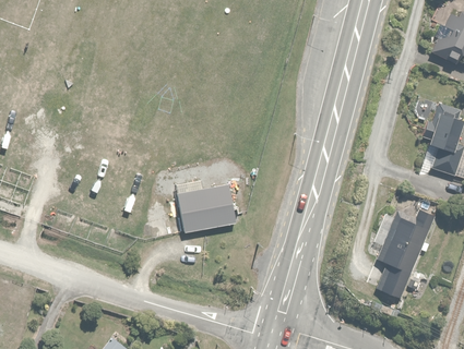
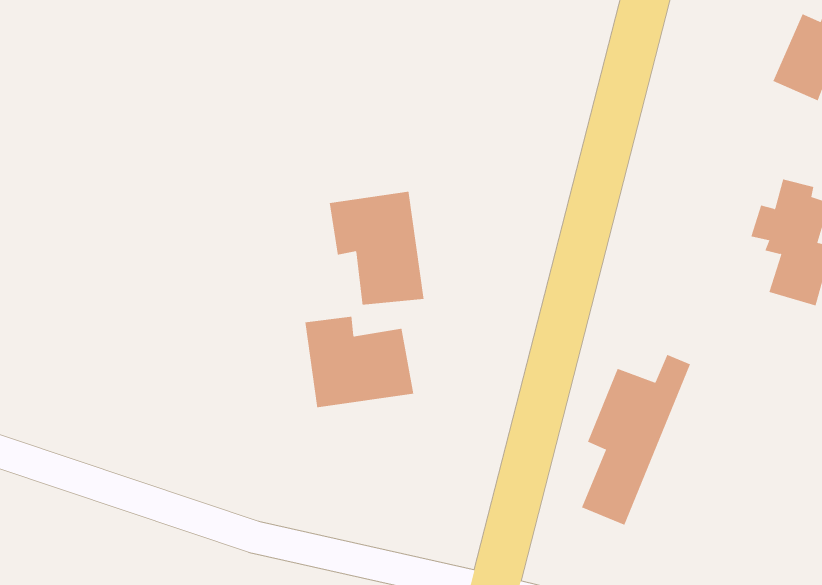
building: none -> [329,191,424,305]
building: [374,210,435,304] -> [581,354,691,525]

